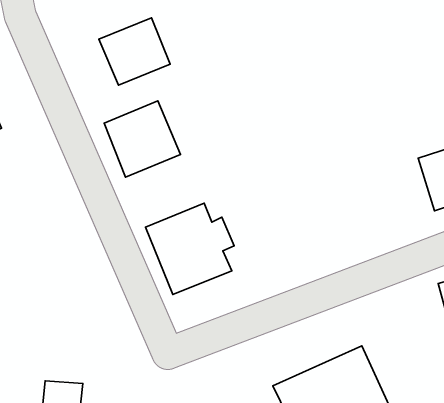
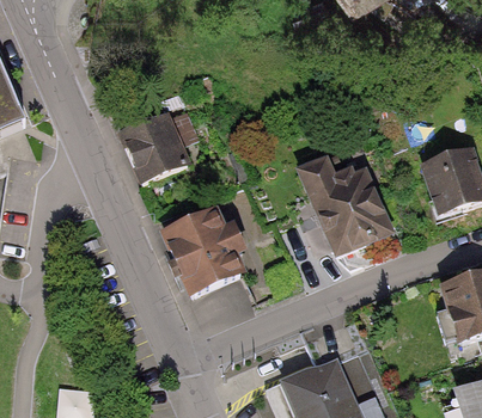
building: [99,18,170,85] -> none
building: none -> [298,156,393,259]

